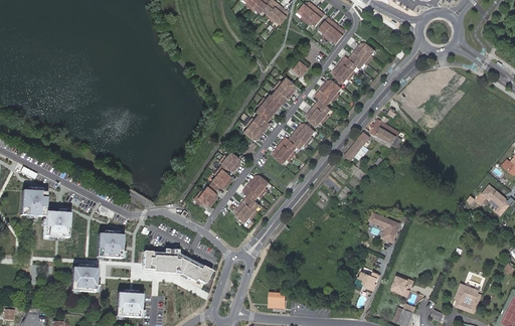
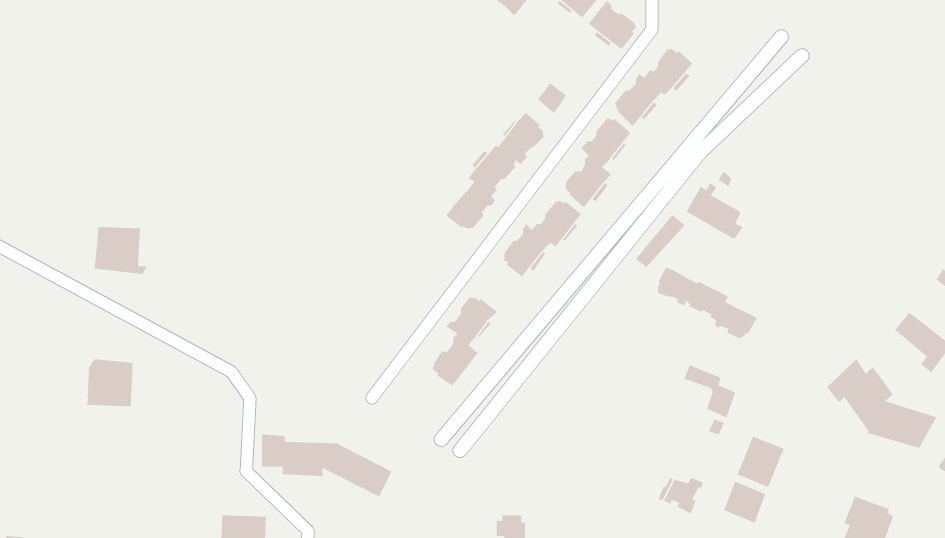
building: [191,151,238,206] -> none
building: none -> [657,267,758,339]
building: [23,188,52,214] -> [94,226,148,275]
building: none -> [826,358,937,449]
building: [102,231,127,255] -> none
building: none -> [736,435,785,488]
building: [75,267,101,291] -> none

